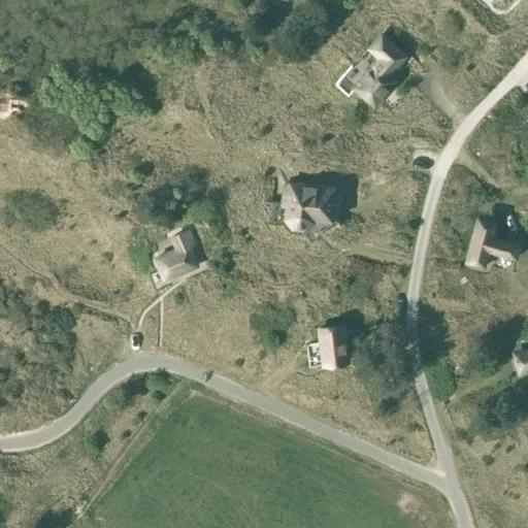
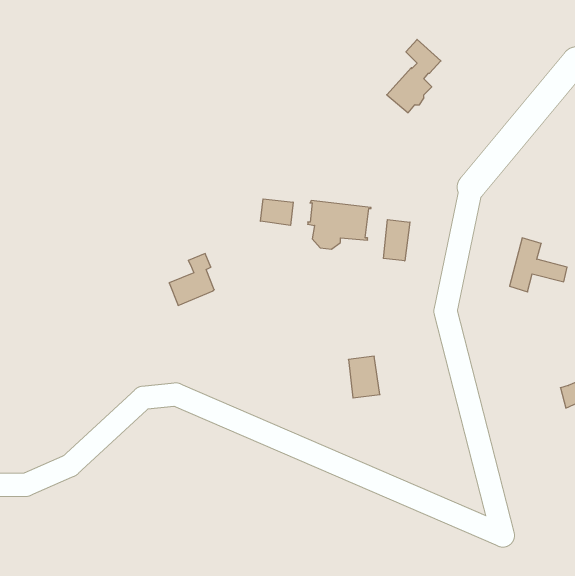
building: none -> [260,199,293,225]
building: none -> [383,220,410,261]

